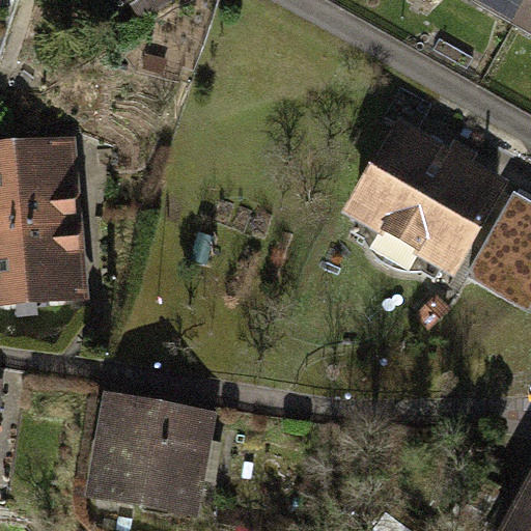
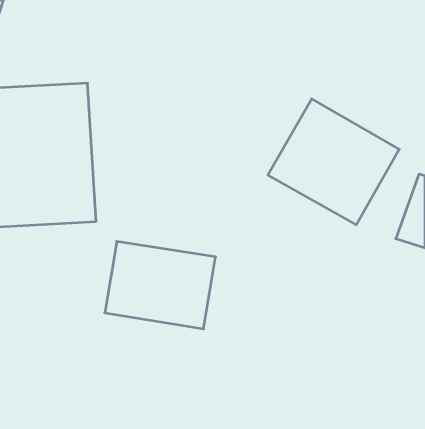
building: [116,411,250,516] -> [105,241,216,329]

